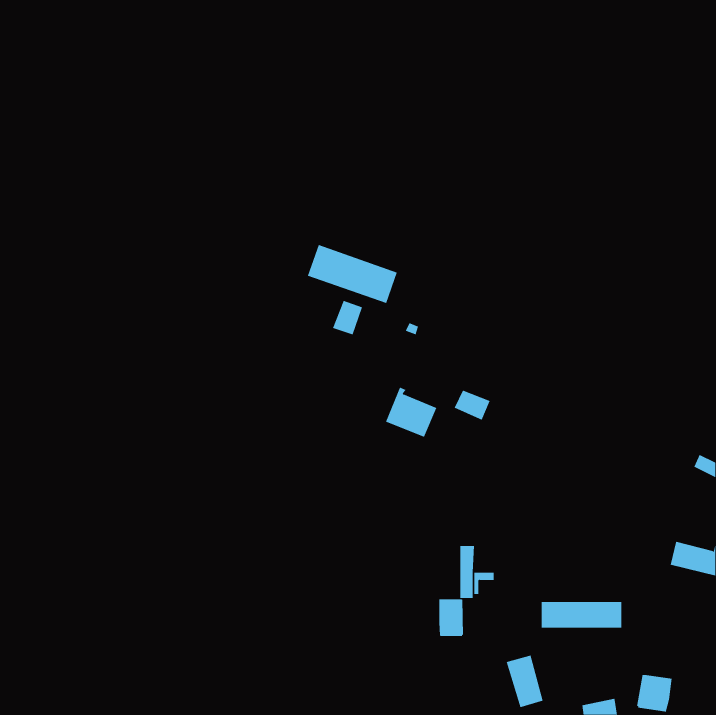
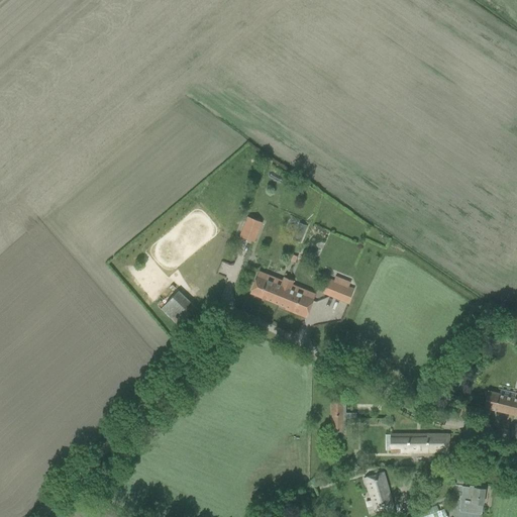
building: [307,244,398,304] -> none
building: none -> [249,271,288,304]
building: none -> [160,289,194,324]
building: [439,599,464,637] -> none

